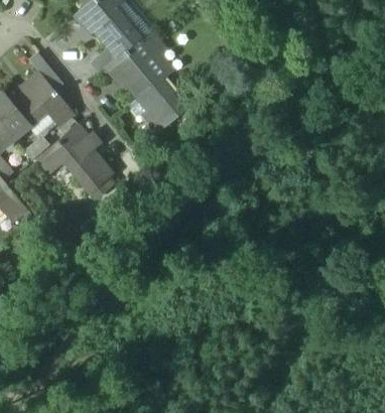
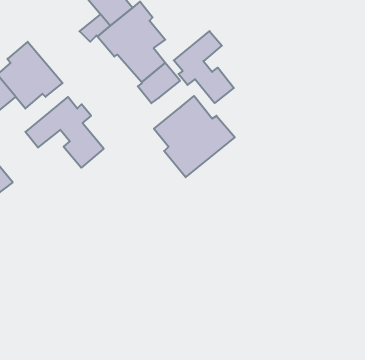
building: none -> [174,31,234,103]
building: none -> [154,96,235,177]

